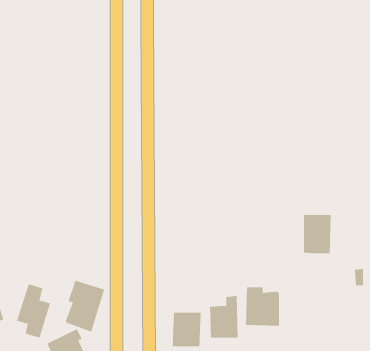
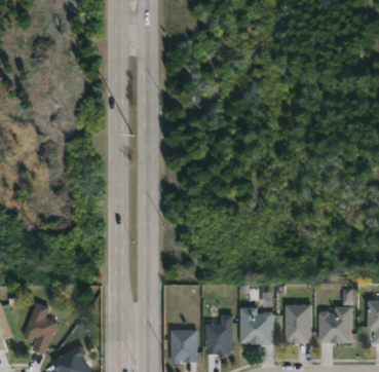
building: [303,215,331,254] -> [283,305,310,342]
building: [65,280,105,332] -> none
building: none -> [318,307,351,342]

